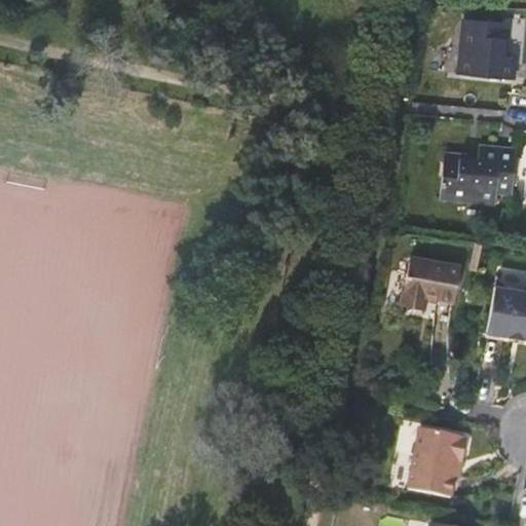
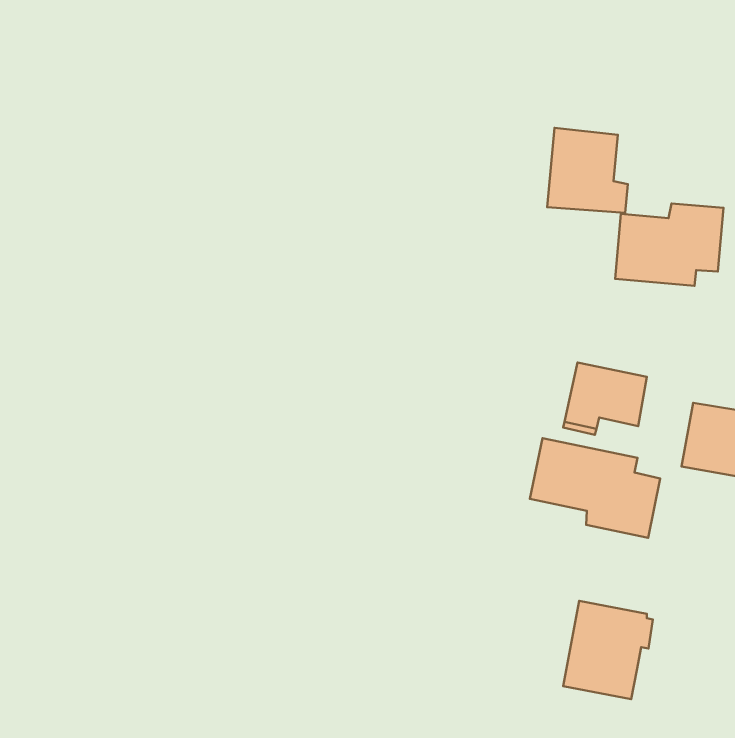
building: [458,17,516,78] -> [547,128,628,213]
building: none -> [530,438,660,538]

